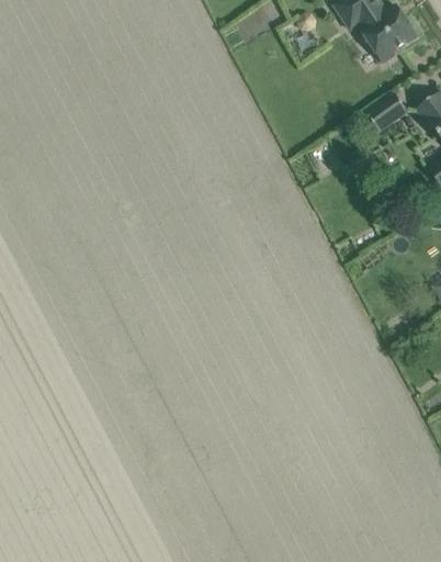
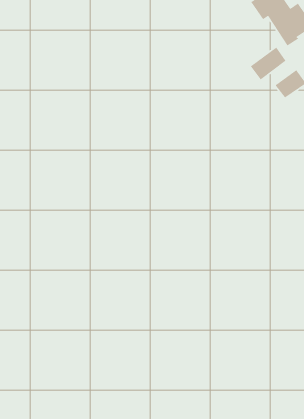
building: none -> [250,47,286,80]

